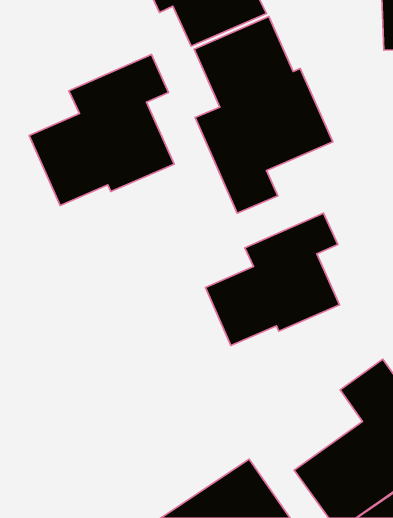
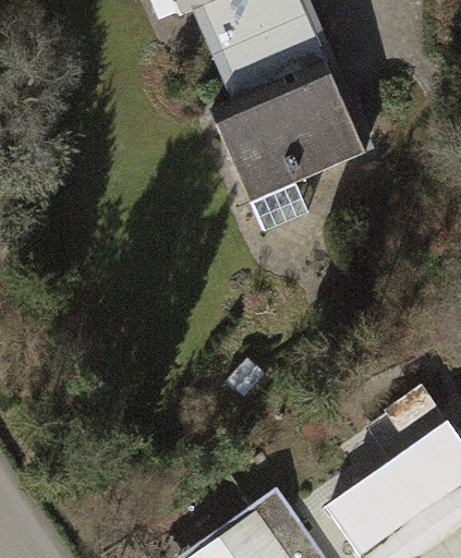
building: [29,54,174,205] -> none
building: [206,213,340,345] -> none

